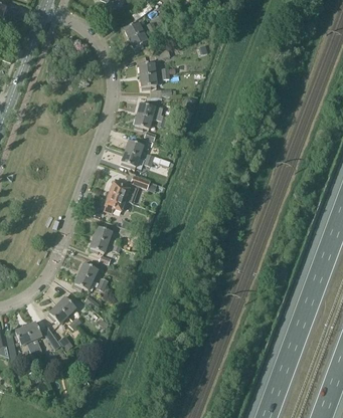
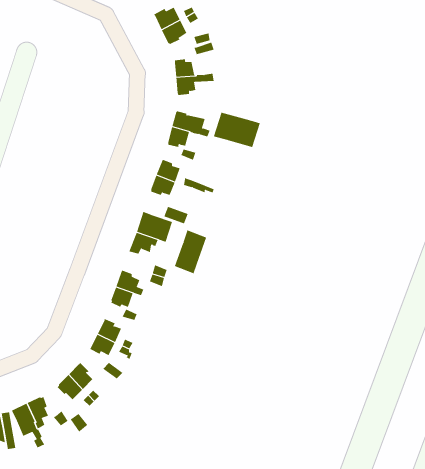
building: none -> [213,112,261,148]
building: none -> [174,230,207,274]

